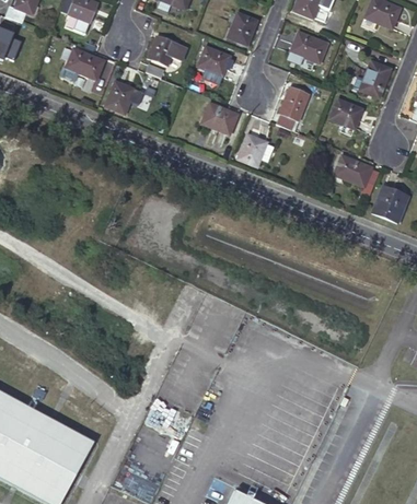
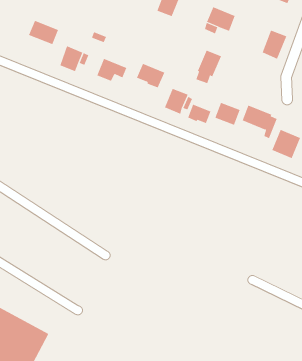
building: [148,35,186,65] -> [97,58,127,82]
building: [197,46,230,75] -> none
building: [329,98,362,128] -> [214,102,241,126]
building: none -> [188,104,211,124]

